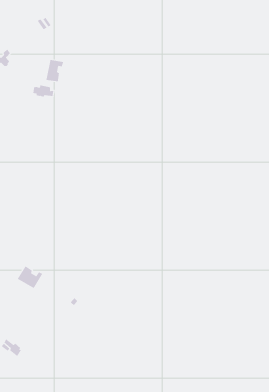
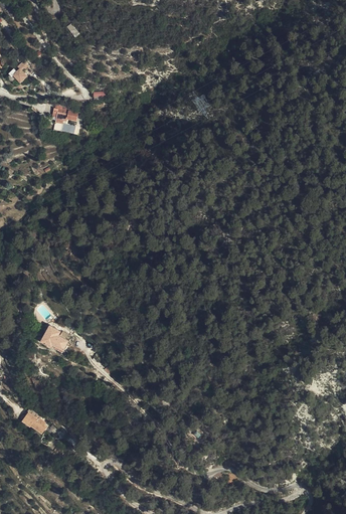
building: [46,59,64,82] -> none

